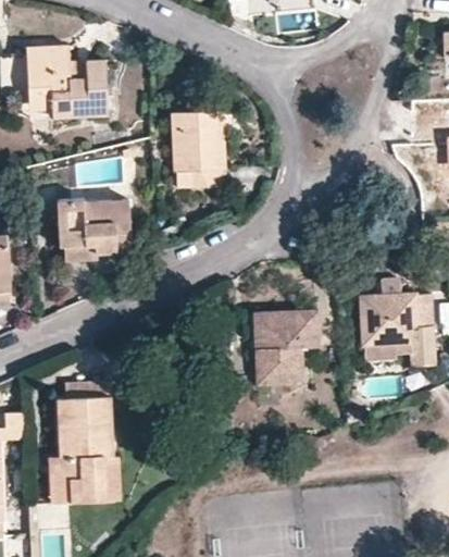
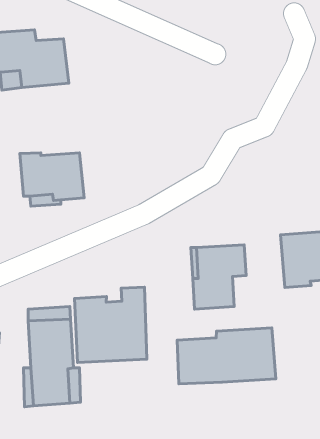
building: [176,110,226,190] -> none
building: none -> [75,287,147,362]
building: none -> [177,328,276,384]

